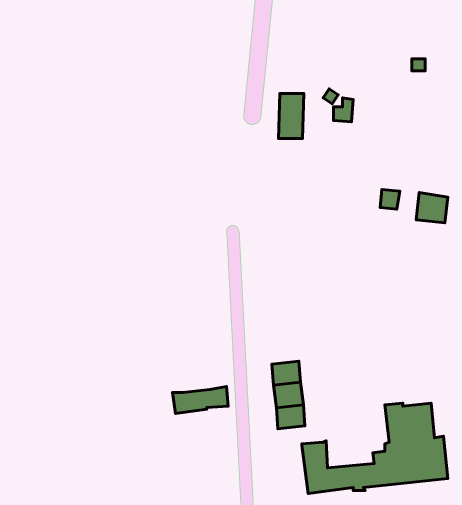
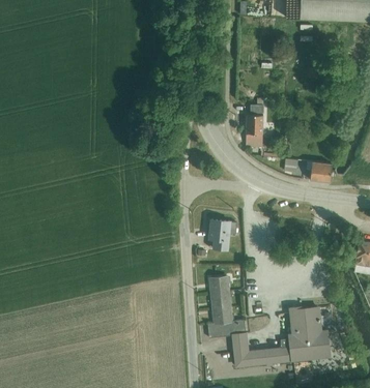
building: [278,93,304,139] -> [245,116,262,147]
building: none -> [208,220,235,250]
building: [172,386,228,414] -> [206,320,245,338]

